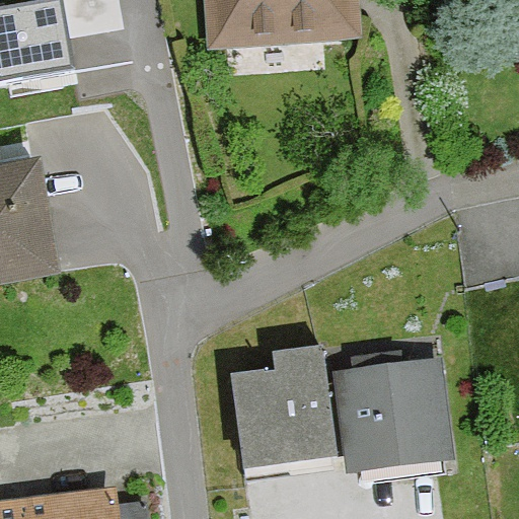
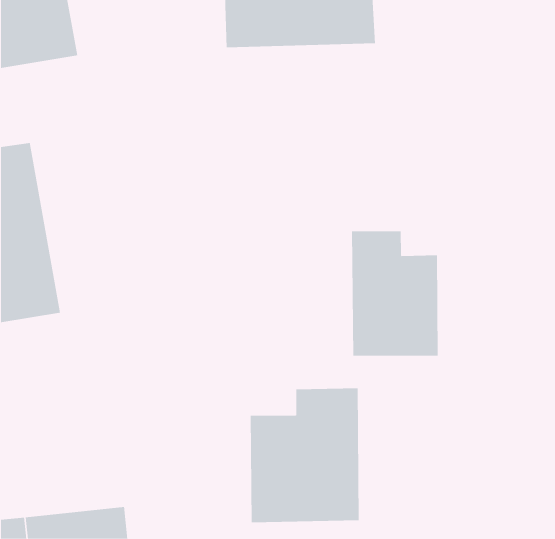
building: none -> [352,231,438,356]
building: [335,361,448,486] -> none

